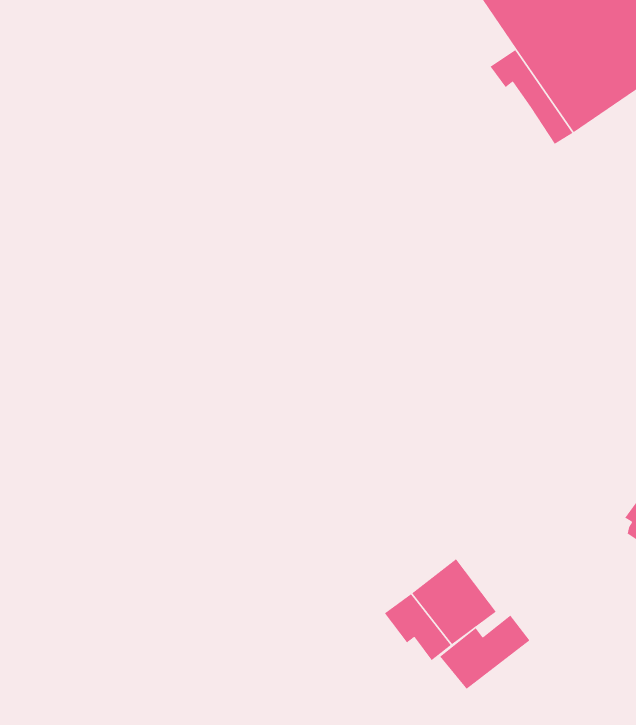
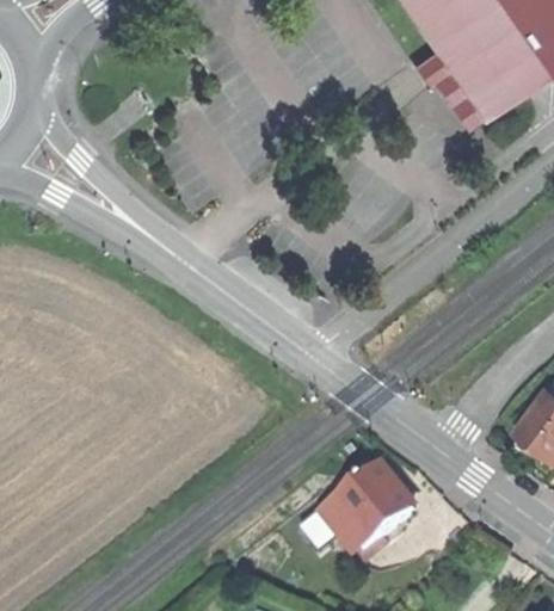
building: [439,614,531,690] -> none

